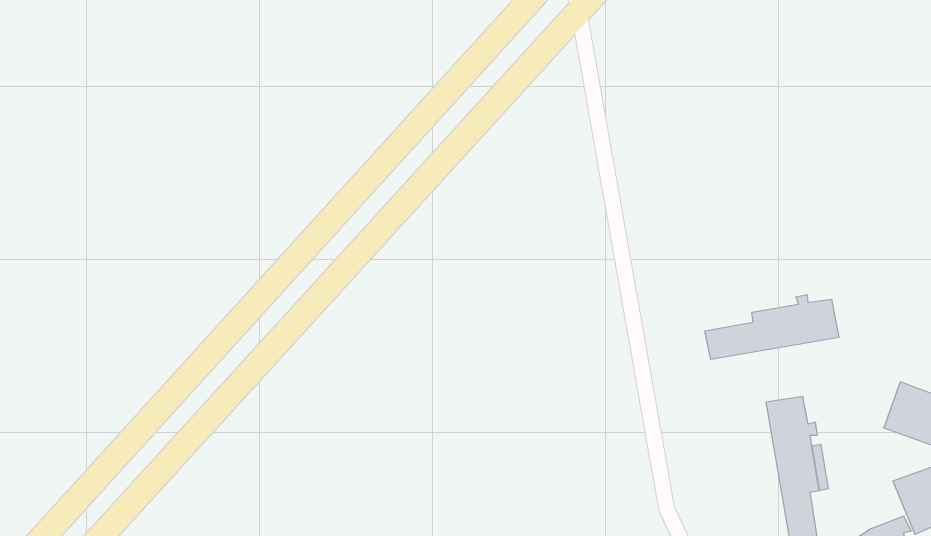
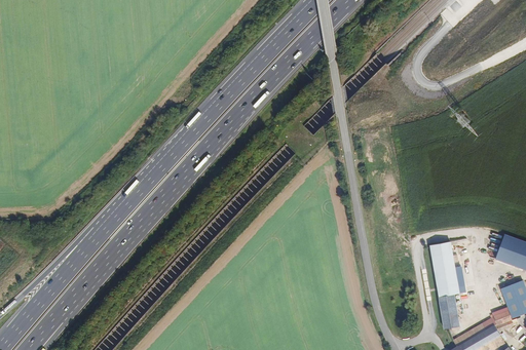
building: [705,295,839,359] -> none

